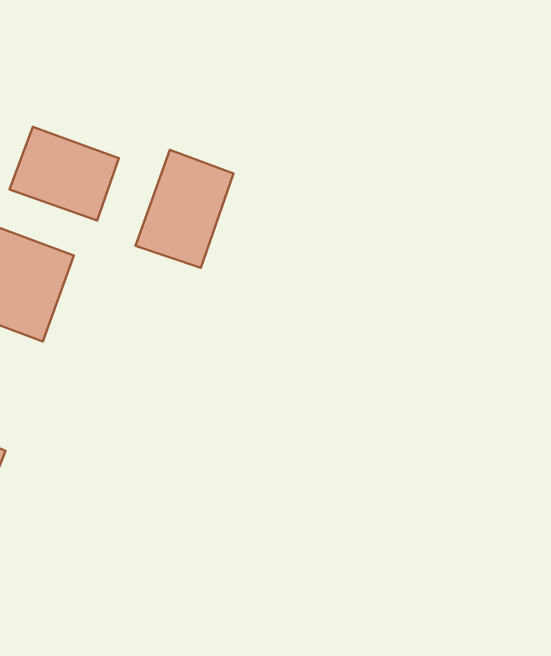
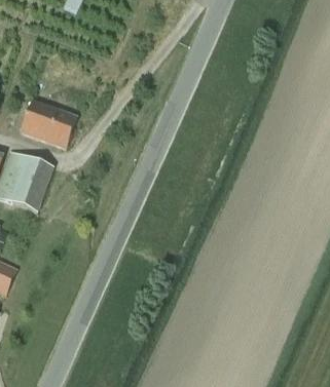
building: [136,150,234,268] -> none

